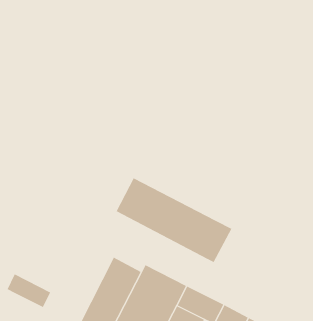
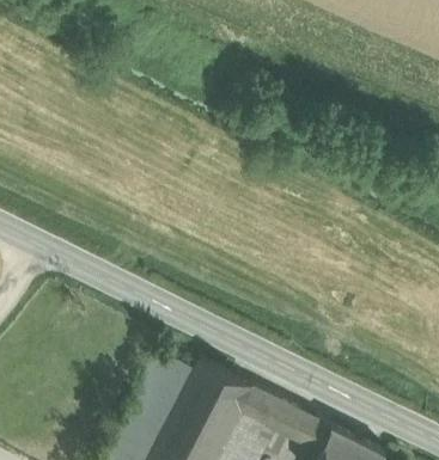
building: [116,177,232,263] -> none
building: [7,274,51,308] -> none

